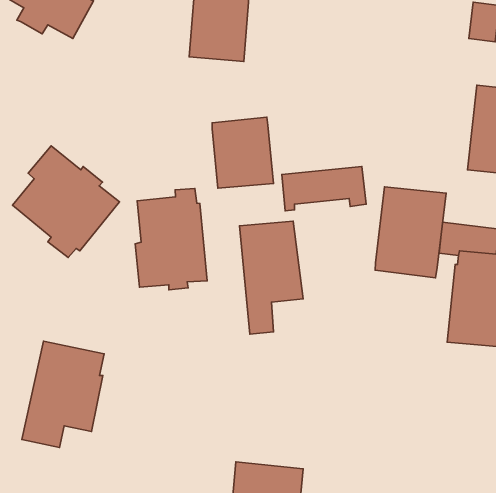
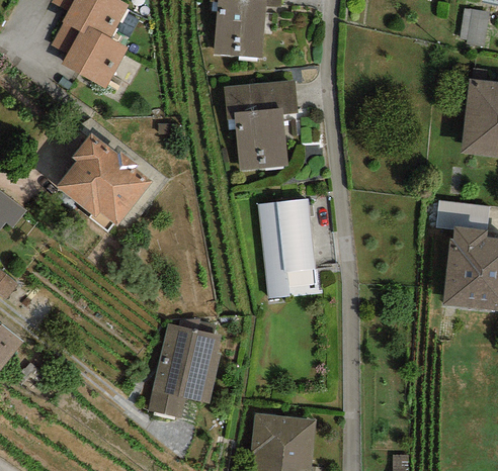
building: none -> [51,22,128,87]
building: [282,166,366,211] -> [223,79,298,118]
building: [375,187,446,278] -> none
building: [135,189,207,290] -> none
building: [22,341,104,447] -> [148,323,221,417]

